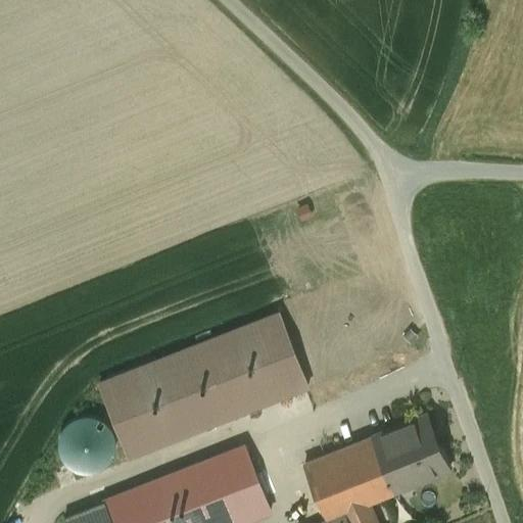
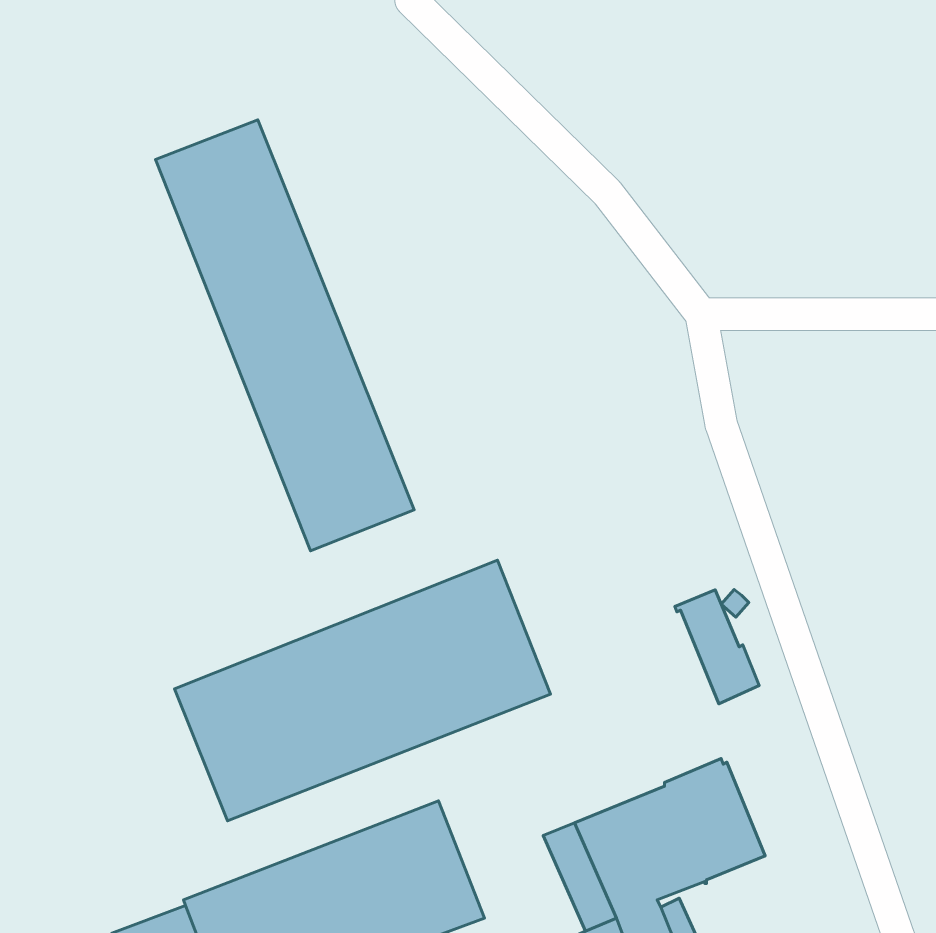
building: none -> [155,120,414,551]
building: [401,416,448,479] -> [675,590,759,704]
building: [58,419,115,476] -> none

